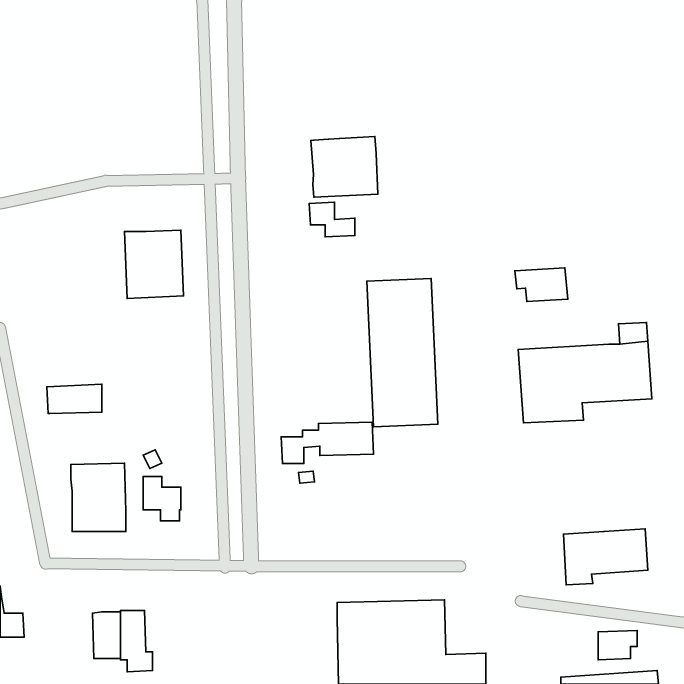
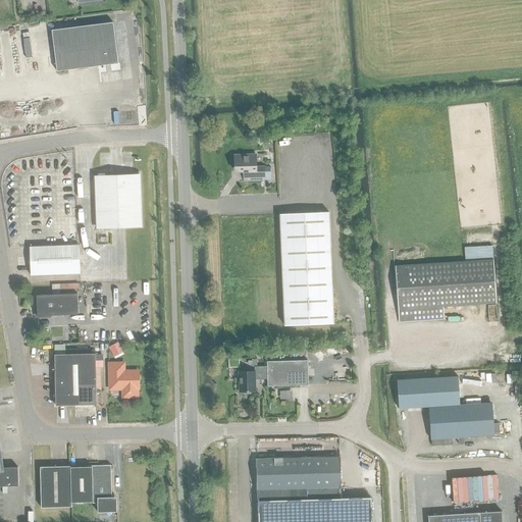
building: none -> [52,22,118,71]
building: [311,136,378,197] -> none
building: [515,268,568,302] -> none
building: none -> [30,245,80,275]
building: [281,422,373,464] -> [238,360,308,392]
building: none -> [397,376,460,409]
building: none -> [40,466,71,507]

